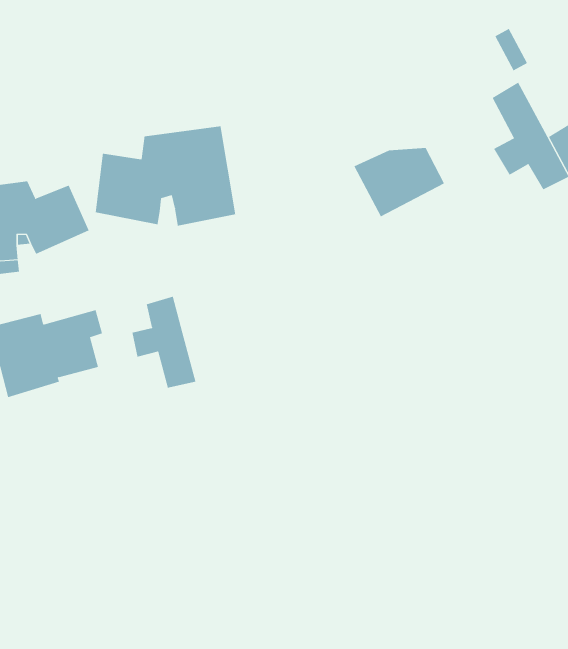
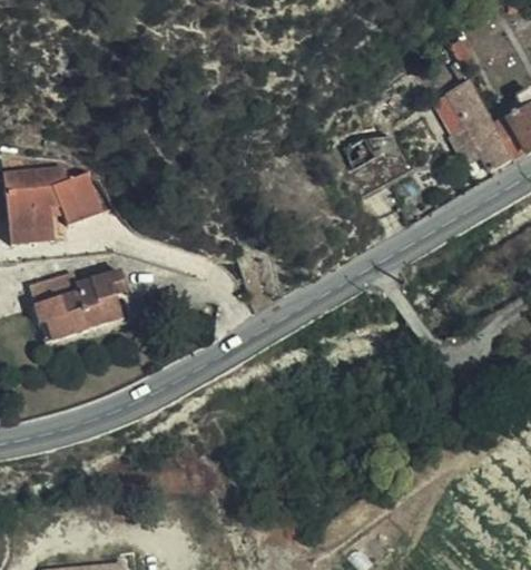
building: [95,126,236,226] -> none
building: [132,296,196,389] -> none

